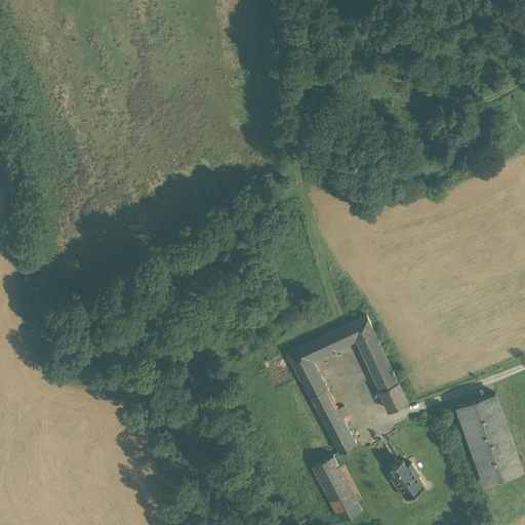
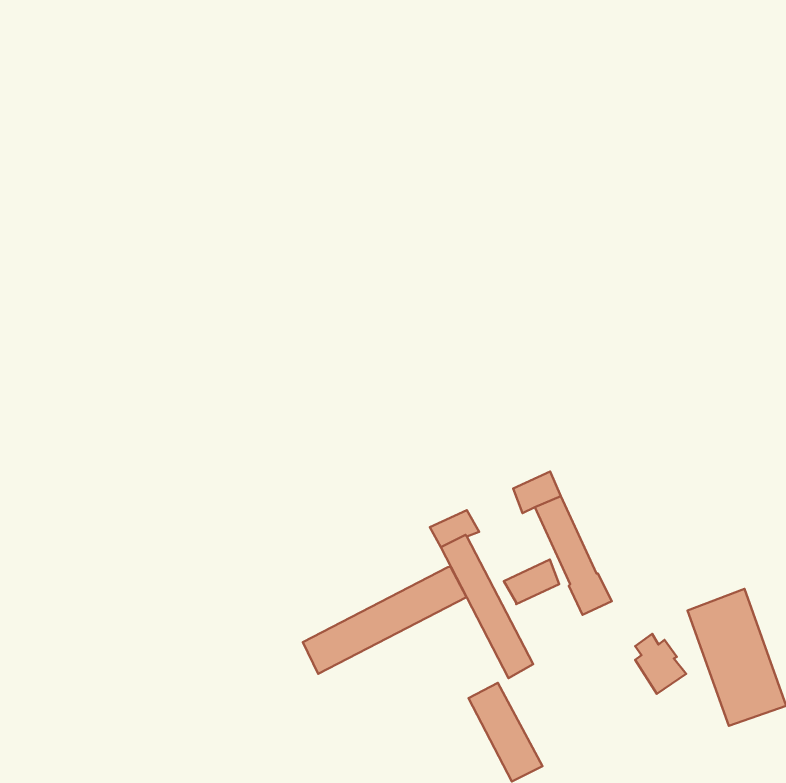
building: [311,328,348,358] -> [504,559,559,604]
building: none -> [303,567,467,674]
building: [391,461,425,501] -> [635,634,686,694]

